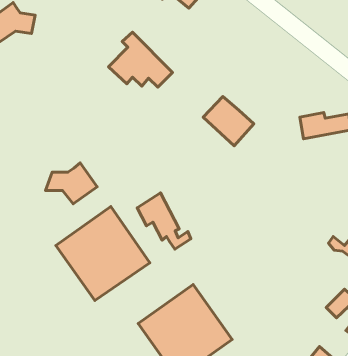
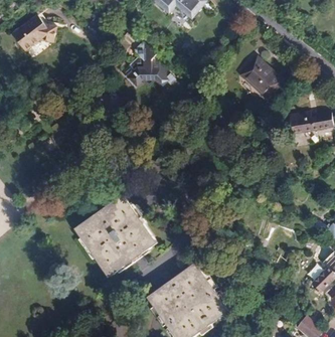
building: [203,96,254,146] -> [239,56,284,100]
building: [46,163,97,204] -> none
building: [137,193,191,249] -> none

